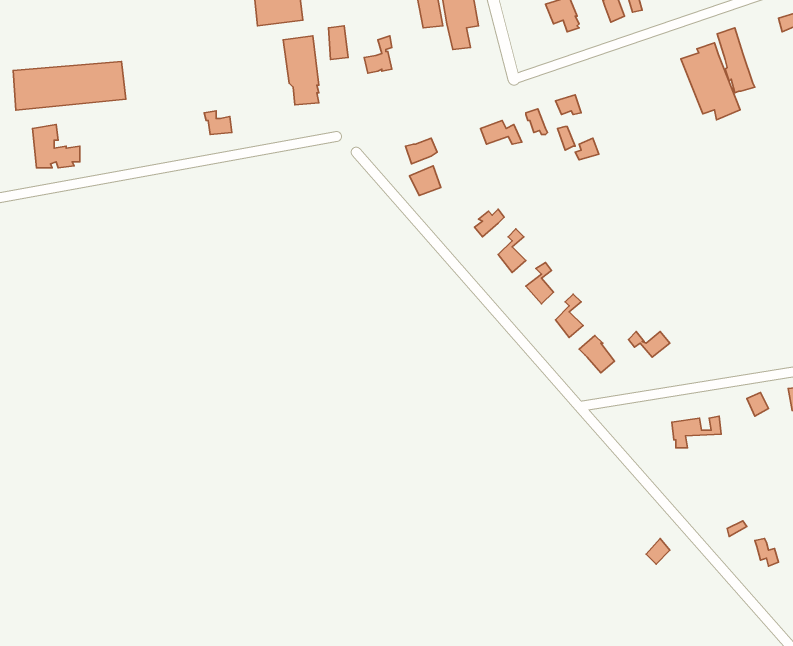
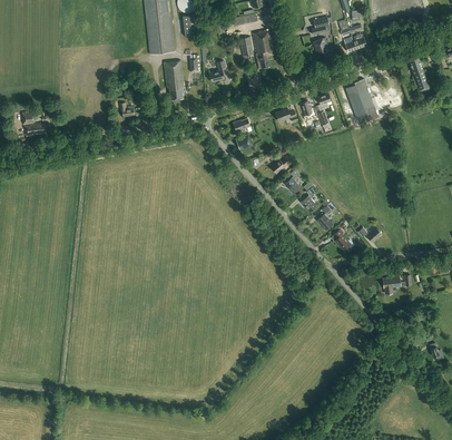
building: [681,43,740,120] -> [345,79,379,123]
building: [13,61,126,110] -> none

